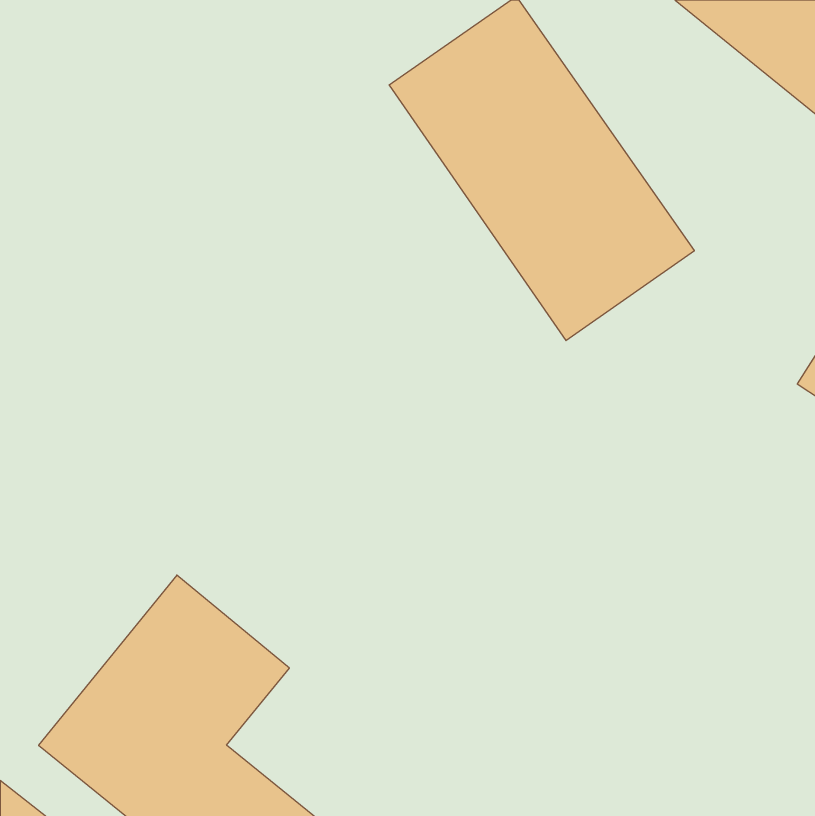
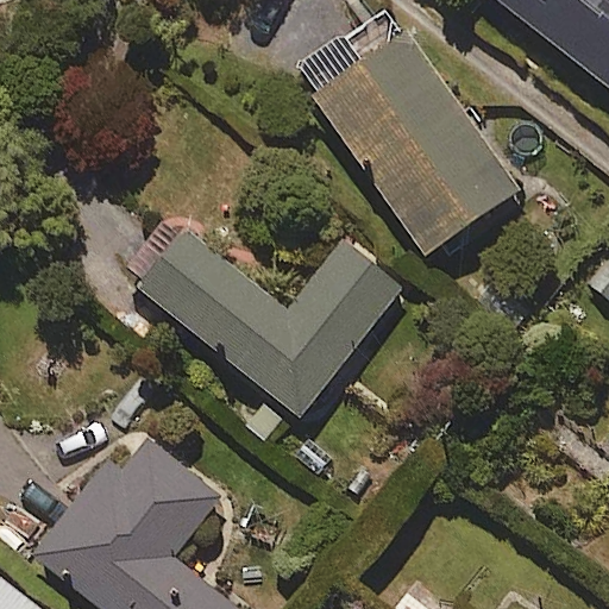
building: none -> [117,212,403,419]

